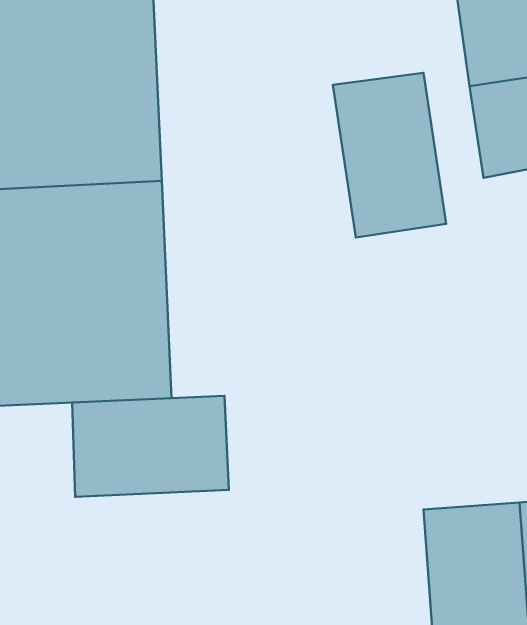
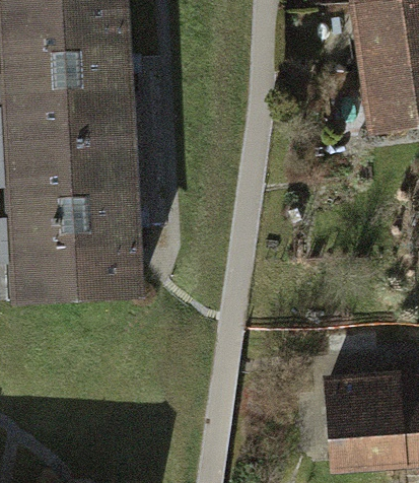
building: [333,73,446,238] -> none
building: [72,396,229,497] -> none

